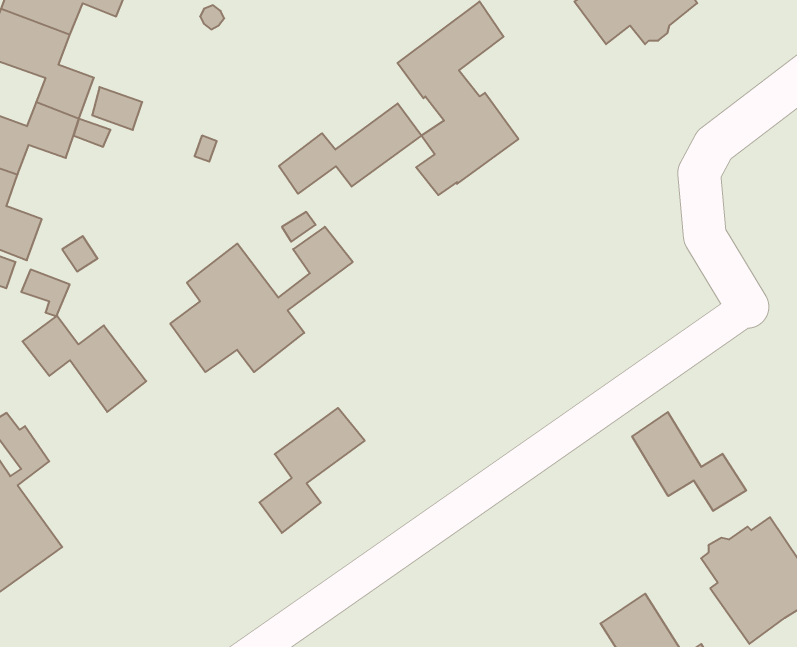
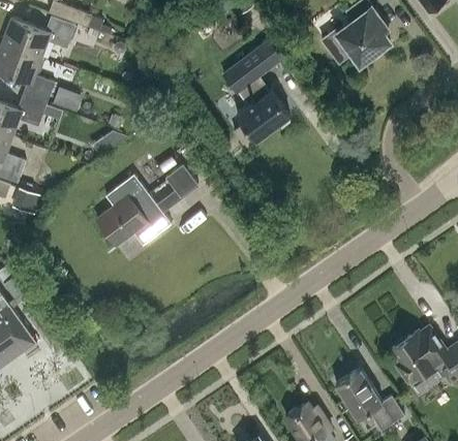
building: [279,103,422,194] -> none
building: [22,316,146,412] -> none
building: [259,408,365,533] -> none
building: [632,412,746,511] -> none

